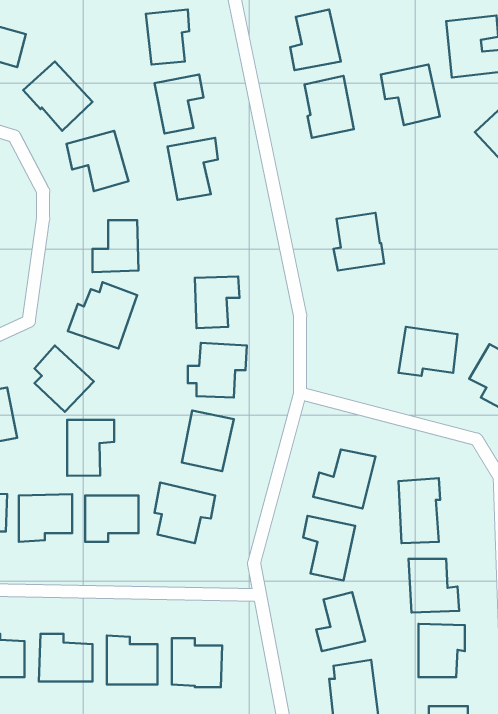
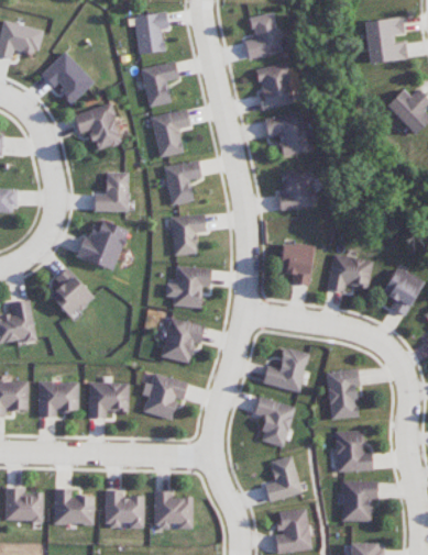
building: [381,64,440,125] -> [264,111,309,157]
building: none -> [164,160,201,206]
building: none -> [279,243,312,285]
building: [67,420,114,476] -> none

